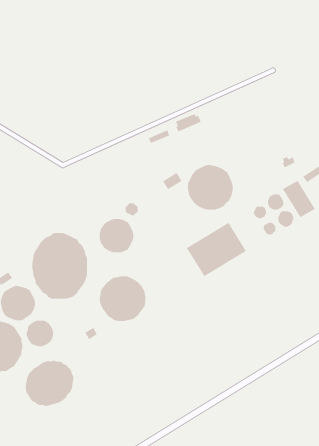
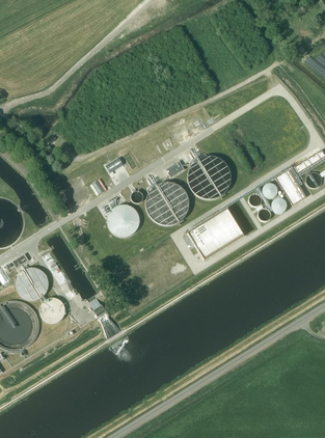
building: [32,232,88,300] -> none
building: [99,275,146,322] -> [145,183,189,225]
building: [25,360,74,407] -> none

